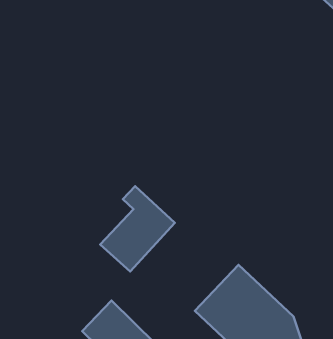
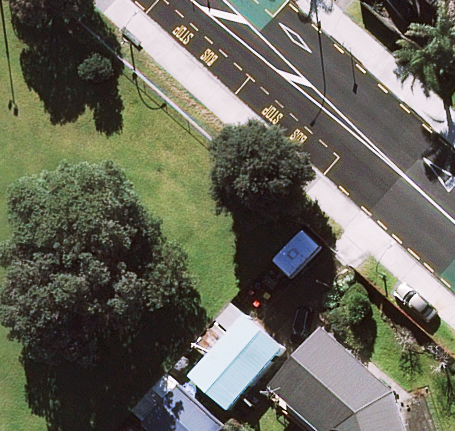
building: [100,186,175,271] -> [188,303,280,408]

